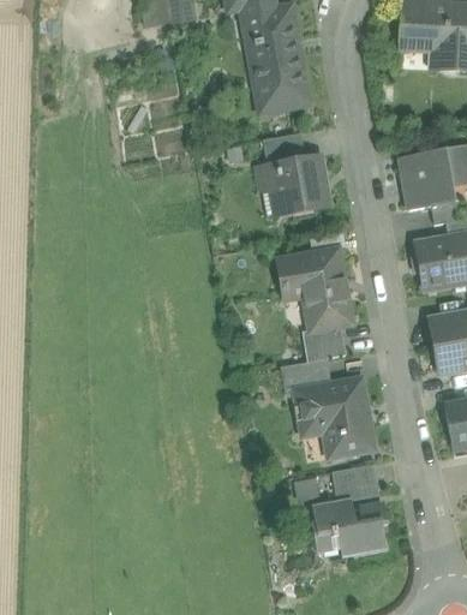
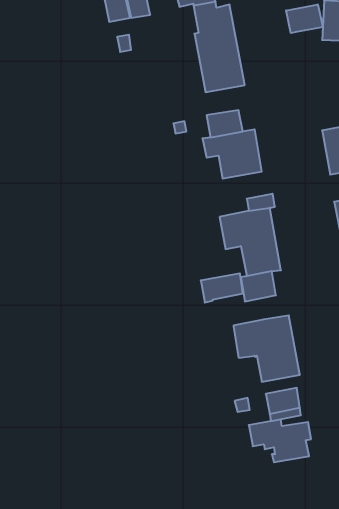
building: none -> [286,4,323,33]
building: [280,359,330,394] -> [201,273,243,303]

